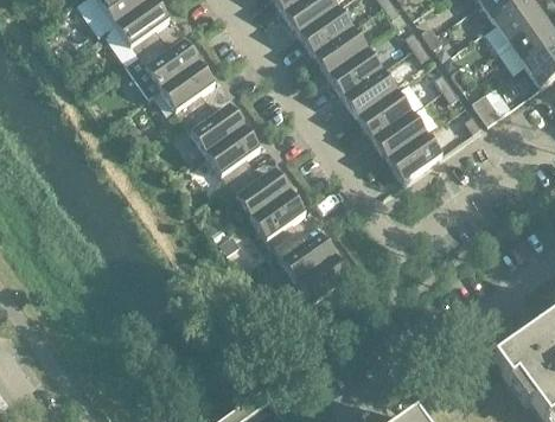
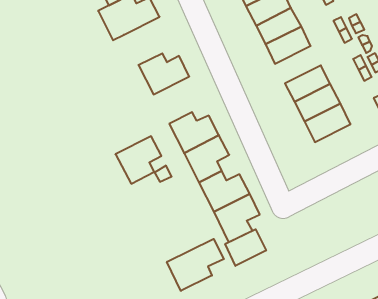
building: [159,59,213,120] -> none
building: [342,68,396,116] -> none
building: [204,124,259,184] -> [115,136,161,184]
building: none -> [225,229,266,266]
building: none -> [167,239,224,291]

